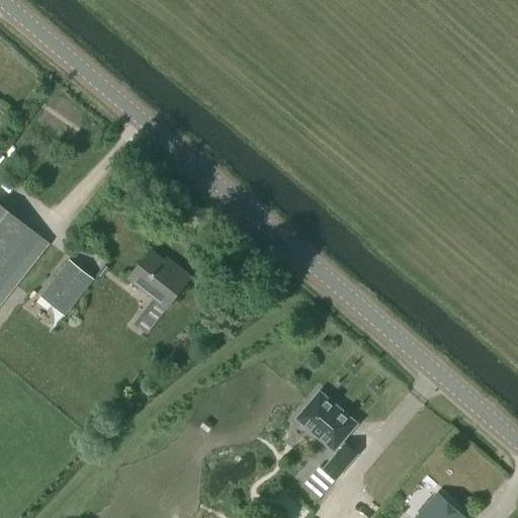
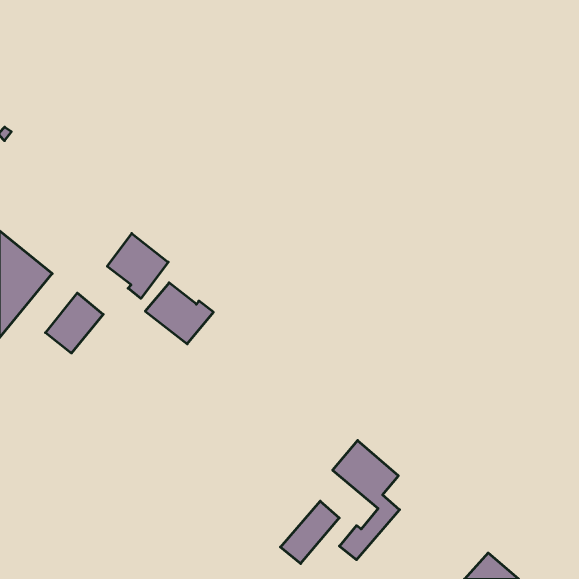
building: none -> [107,233,168,298]
building: none -> [280,501,339,564]

